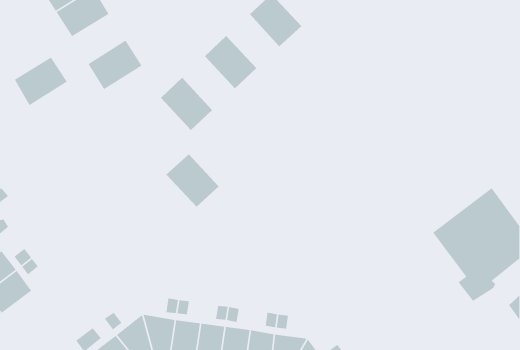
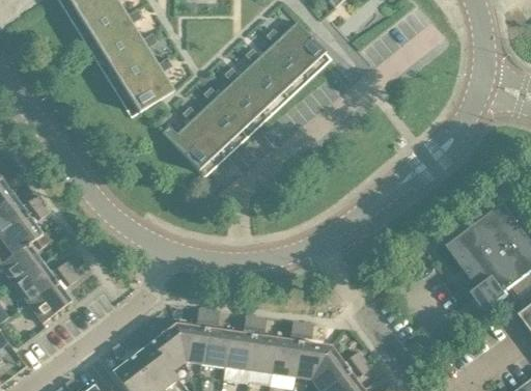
building: none -> [253,40,303,91]
building: none -> [212,80,261,131]
building: [14,56,68,106] -> [108,40,159,87]
building: [166,153,220,207] -> [169,119,220,170]

